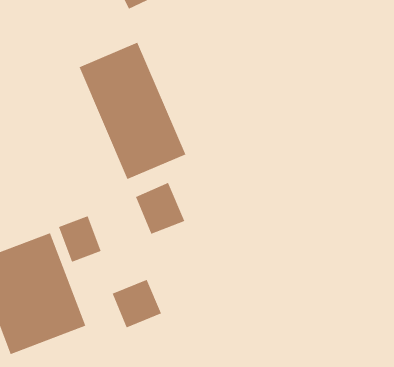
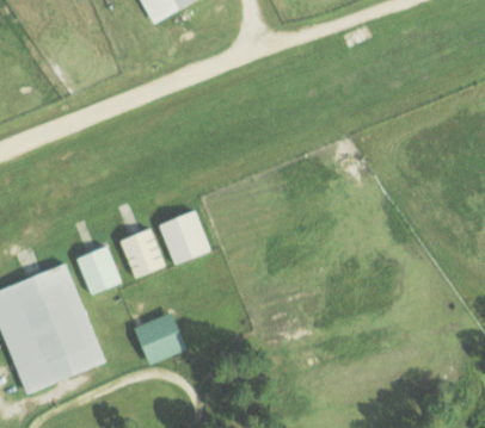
building: [79,42,186,180] -> none
building: none -> [119,227,166,279]

